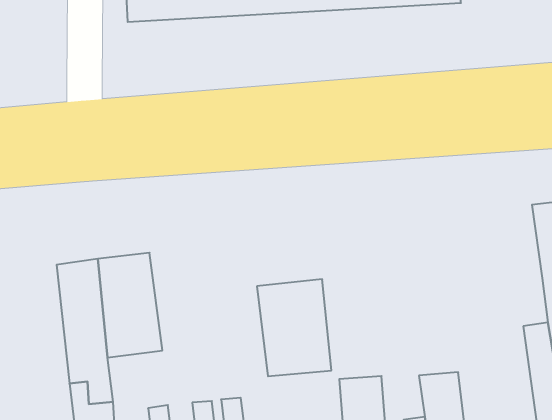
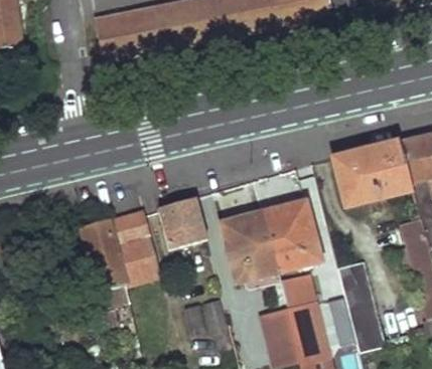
building: none -> [329,142,409,206]
building: none -> [157,197,205,249]
building: none -> [261,201,319,272]

